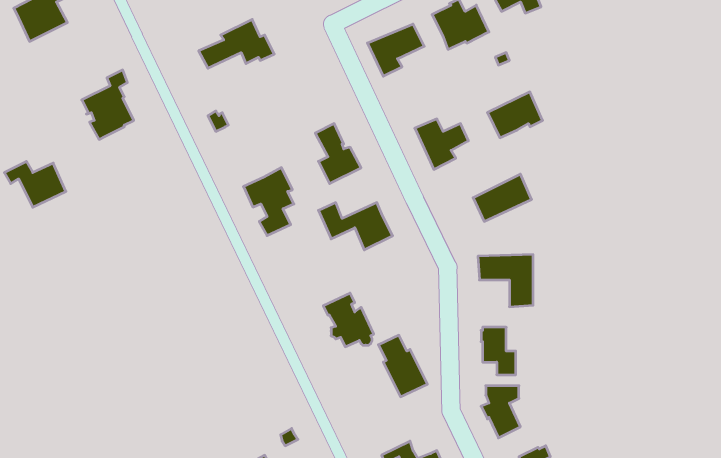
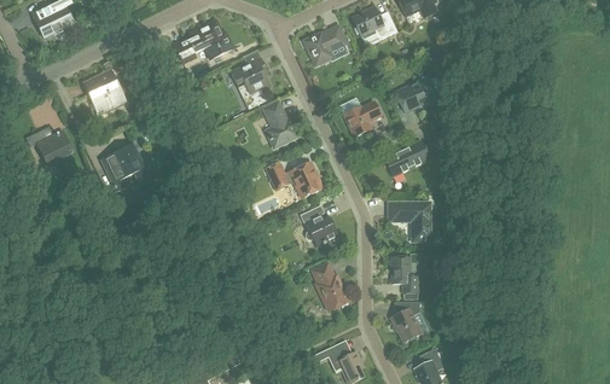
building: [243,168,294,236] -> [231,56,269,107]
building: none -> [100,142,149,192]
building: [323,293,374,347] -> [300,204,338,245]

